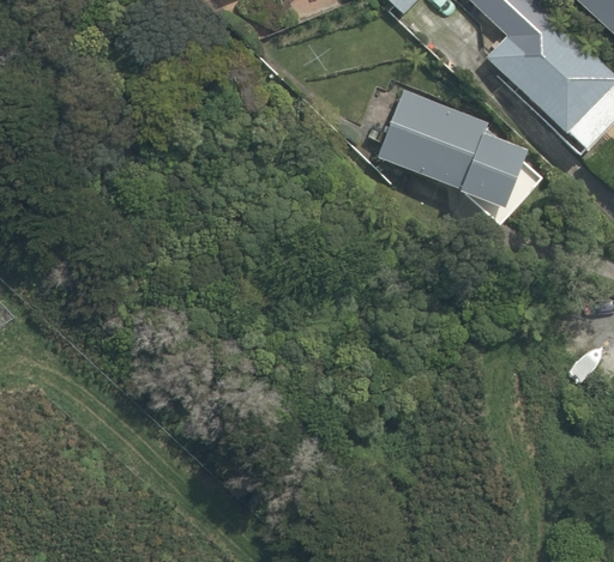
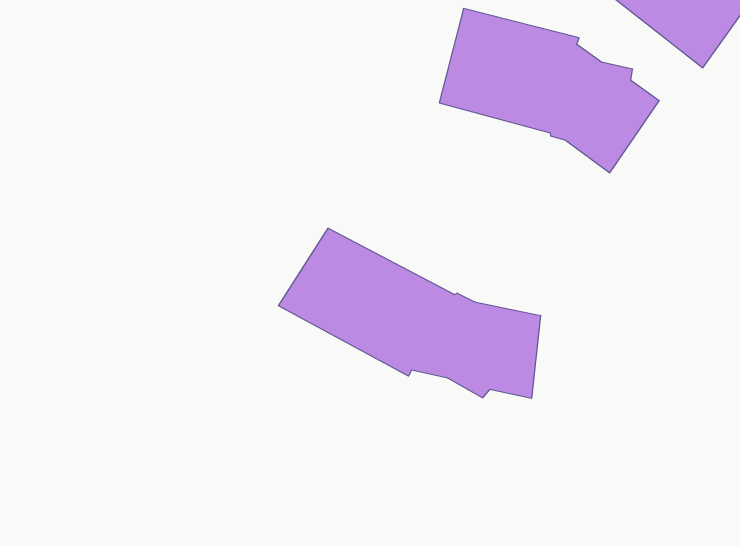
building: none -> [278,228,541,398]

